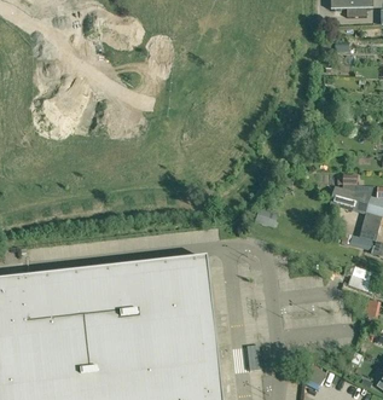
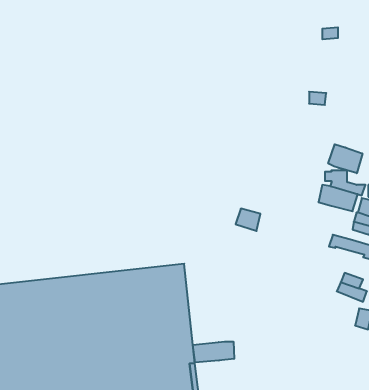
building: none -> [328,144,362,173]
building: none -> [193,342,234,362]

